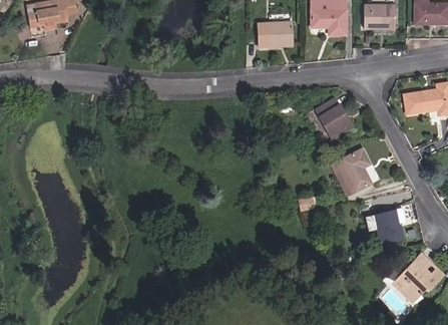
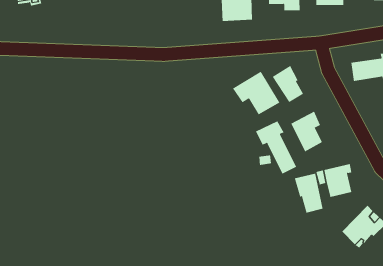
building: none -> [232,71,280,115]
building: none -> [255,121,297,175]
building: none -> [294,173,323,214]

